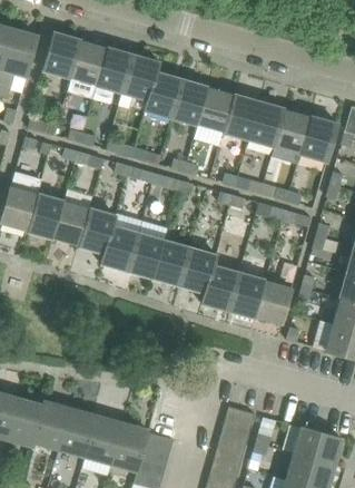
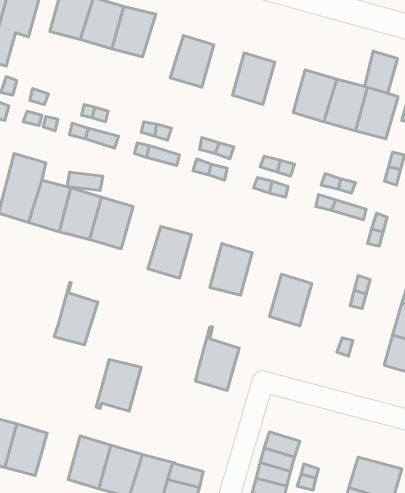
building: [119,55,158,108] -> none
building: [171,80,207,123] -> none
building: none -> [365,51,397,93]
building: [223,95,258,137] -> none
building: [100,216,137,269] -> [54,282,98,345]
building: [152,240,188,284] -> none
building: [201,255,238,309] -> [195,327,239,391]
building: [254,281,290,323] -> none
building: [31,402,69,446] -> [96,359,141,411]

